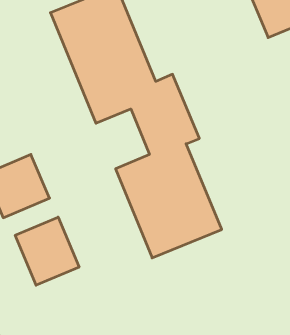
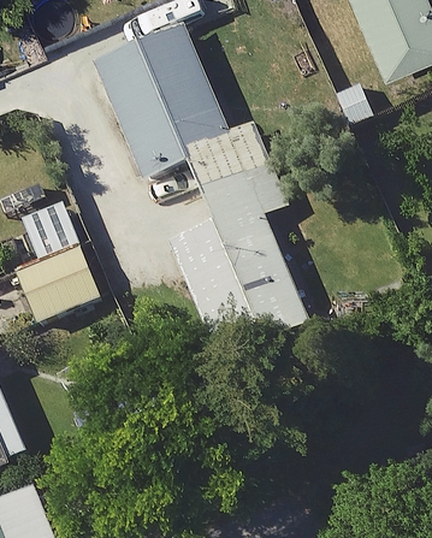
building: [15,217,79,285] -> none

